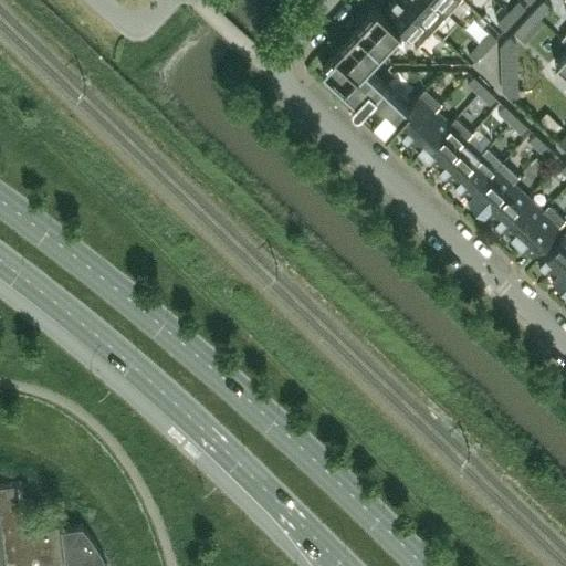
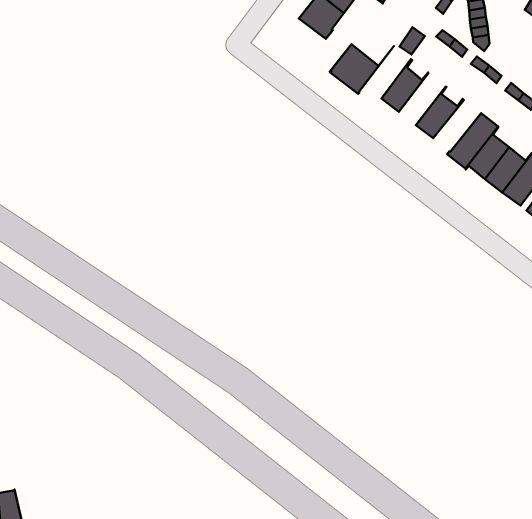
building: [319,55,386,114] -> none
building: [389,92,442,142] -> none
building: [426,122,473,170] -> none
building: [457,150,505,199] -> none

